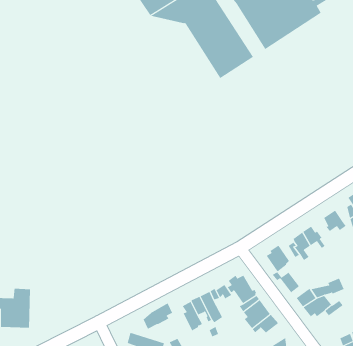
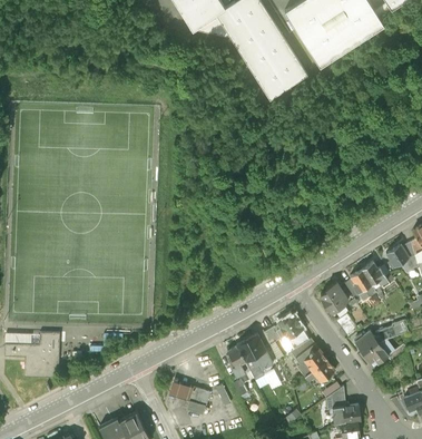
building: [143,302,173,330] -> none

